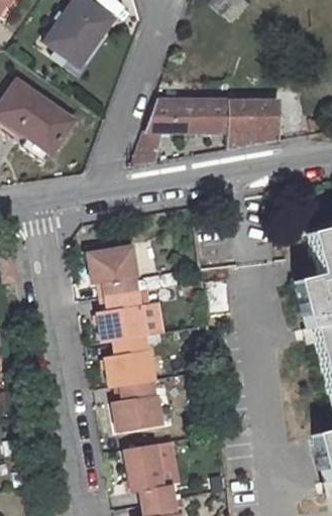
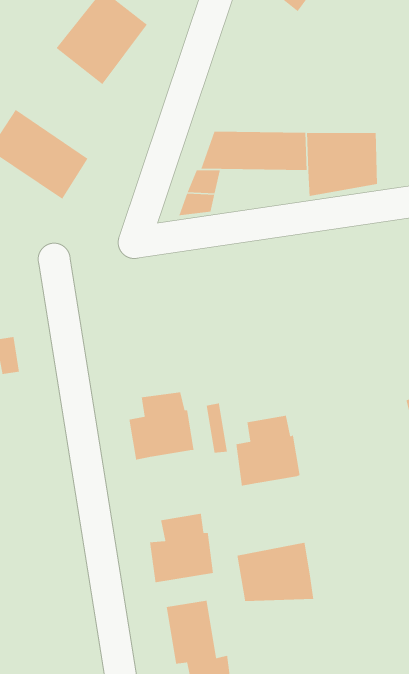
building: [89,244,136,293] -> none
building: [106,333,153,385] -> [236,415,300,487]
building: none -> [236,542,314,602]

